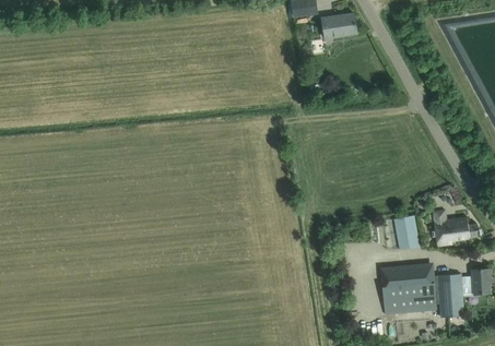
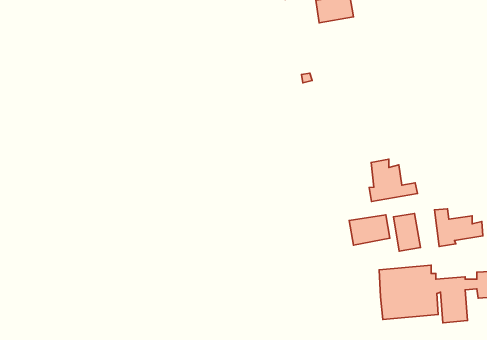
building: none -> [369,159,418,202]
building: none -> [349,215,390,245]

